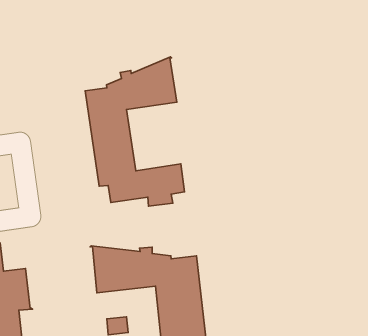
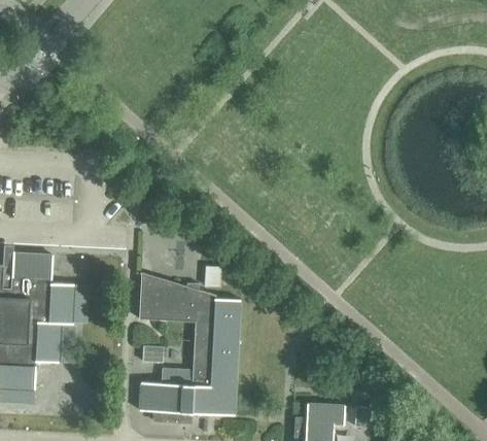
building: [85,57,185,206] -> none

